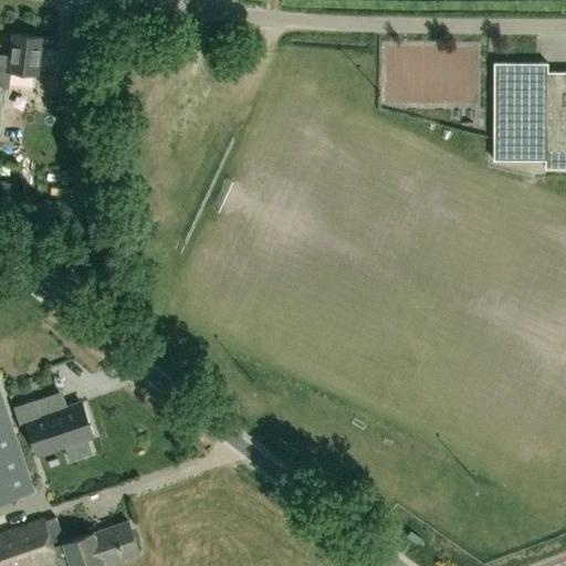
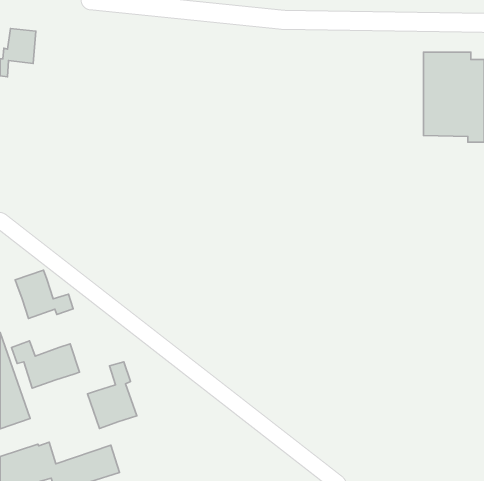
building: none -> [15,270,73,319]
building: none -> [88,362,137,428]

